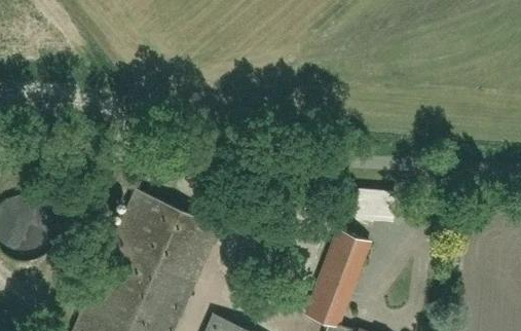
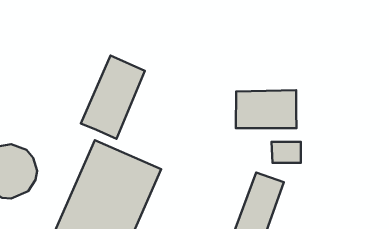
building: none -> [81,56,145,139]
building: none -> [236,90,296,128]

